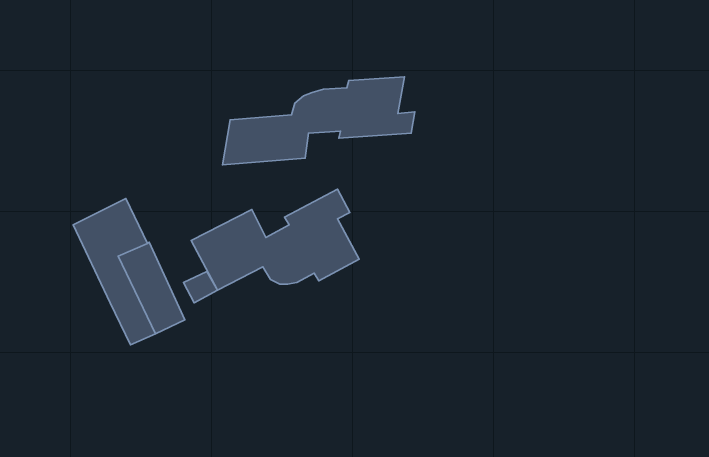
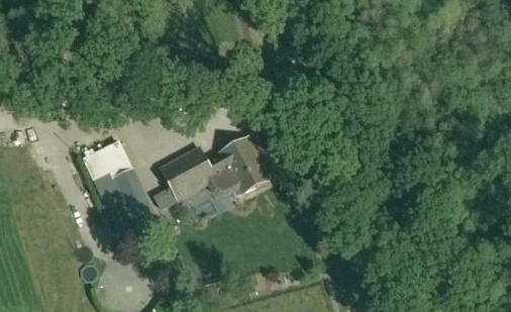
building: [223,77,415,165] -> none

